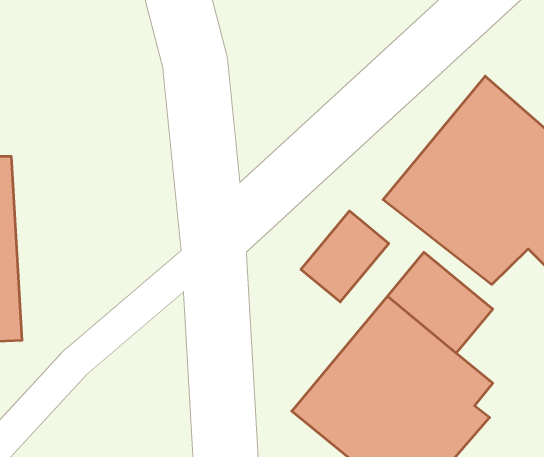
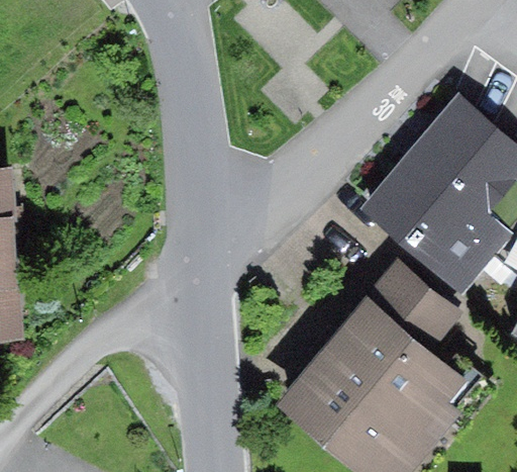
building: [301,211,389,302] -> none

